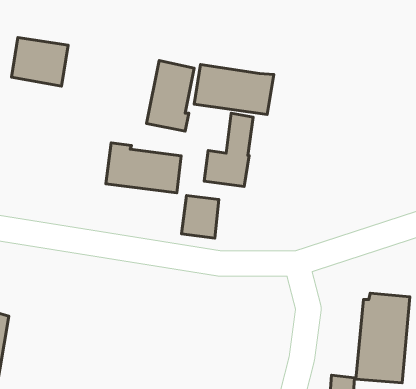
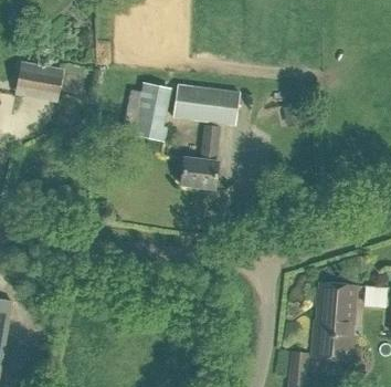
building: [106,143,181,193] -> none
building: [182,195,219,238] -> none

